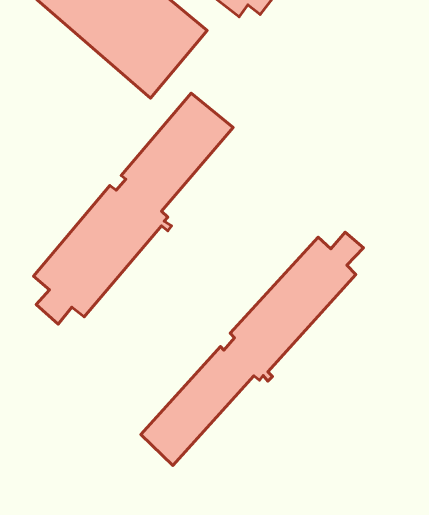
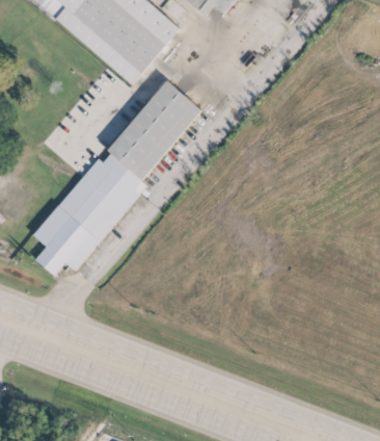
building: [141,232,363,465] -> none

